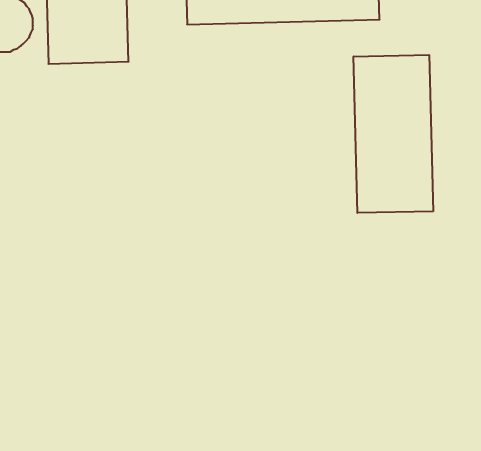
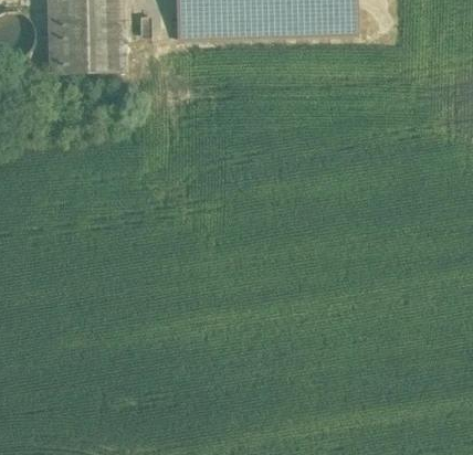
building: [354,55,433,213] -> none

